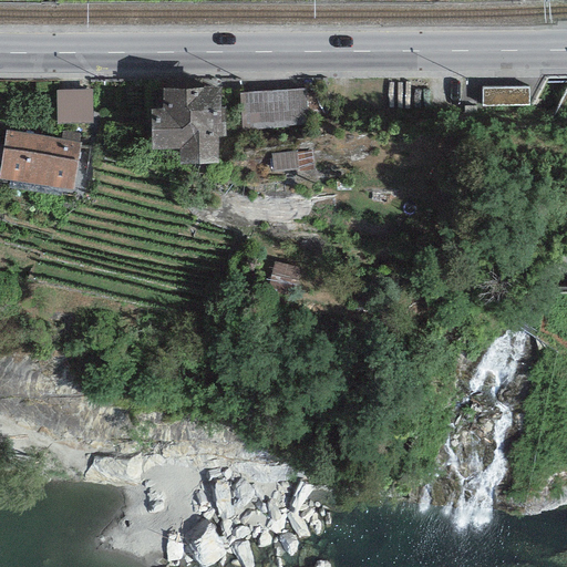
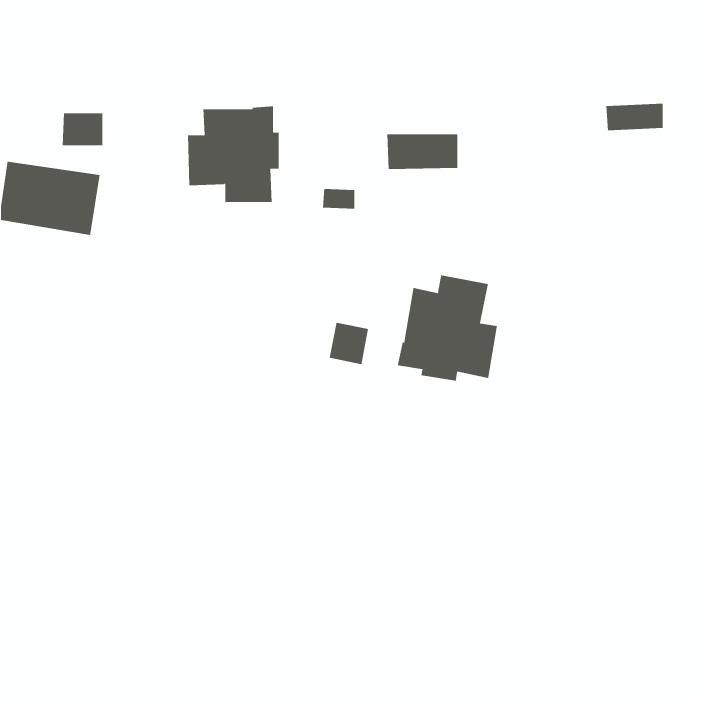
building: [244,91,301,120] -> [387,134,458,170]
building: none -> [397,274,498,381]

